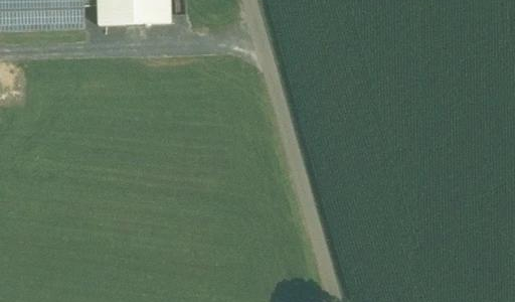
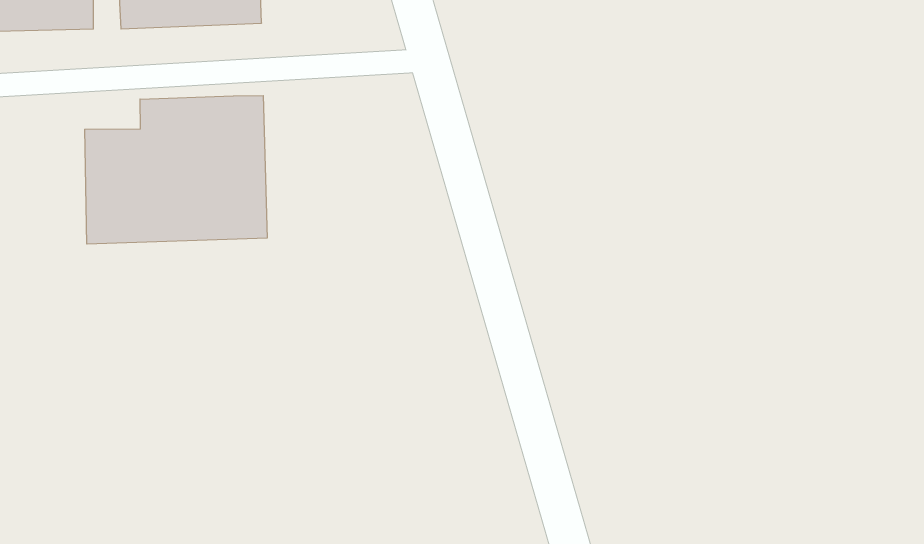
building: none -> [85,96,267,244]

